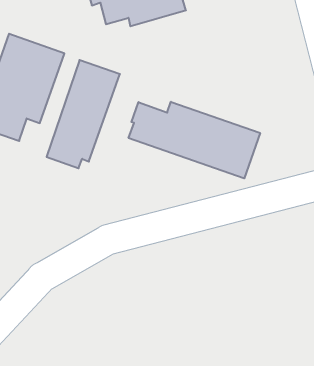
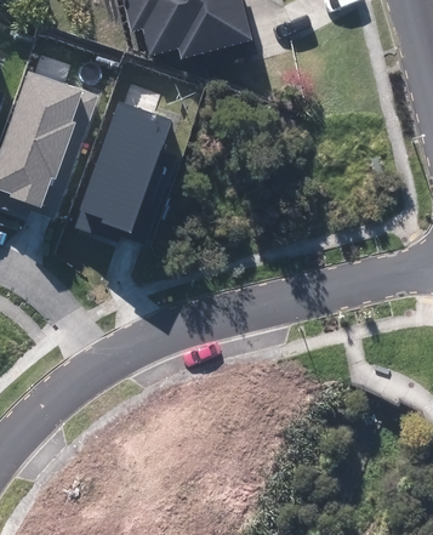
building: [129,102,260,178] -> none

